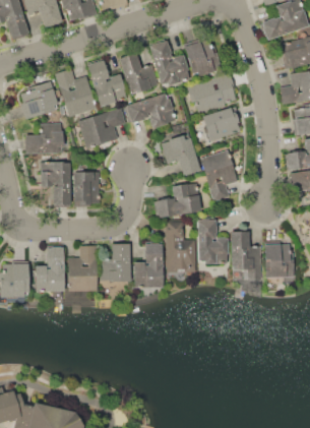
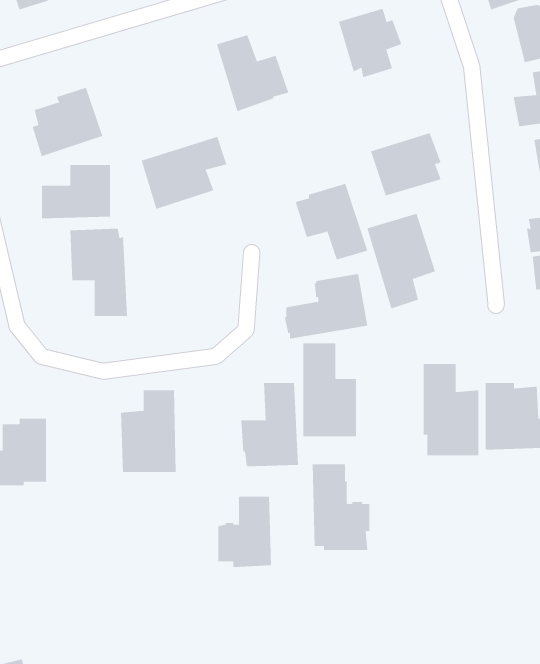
building: [149,41,189,86] -> none
building: [87,61,127,108] -> none
building: [55,69,97,117] -> none
building: [187,74,237,112] -> none
building: [126,95,176,129] -> none
building: [73,172,102,206] -> none
building: [197,218,229,264] -> [312,464,370,550]
building: [100,244,129,283] -> [217,496,272,567]
building: [35,246,64,292] -> none

